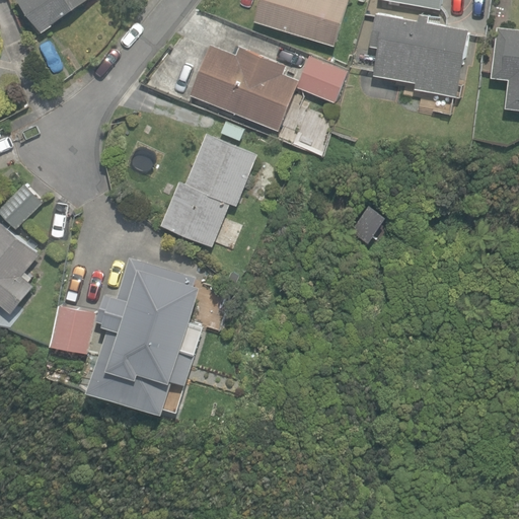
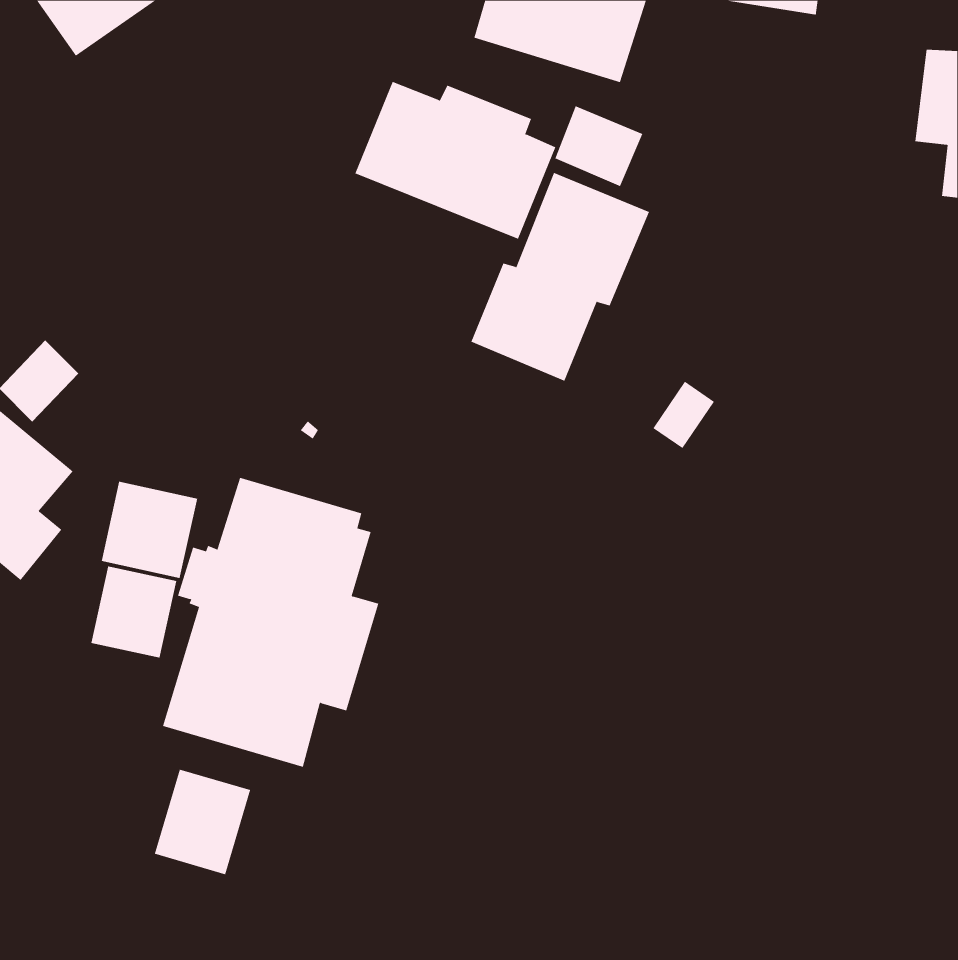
building: [371,14,469,97] -> none
building: [161,129,257,241] -> [471,172,650,382]
building: none -> [101,481,198,579]
building: none -> [154,769,251,875]

